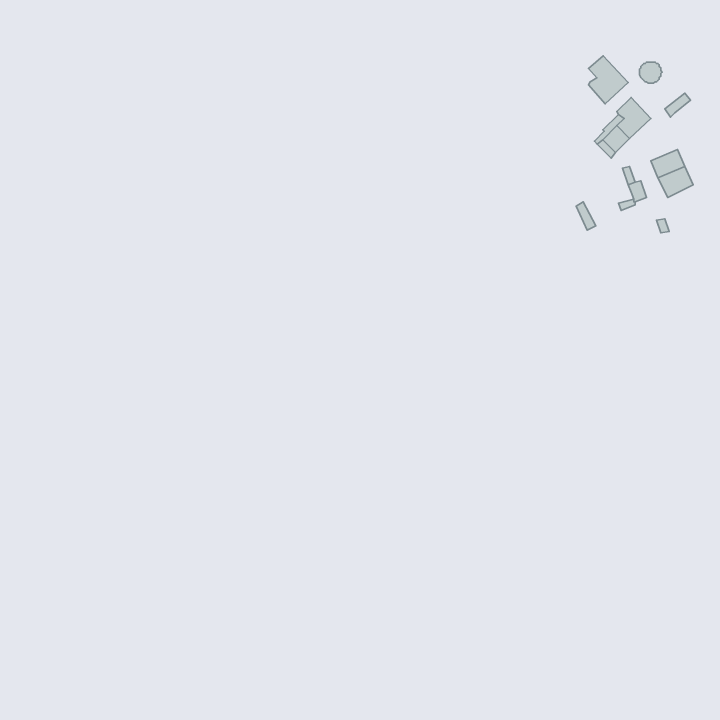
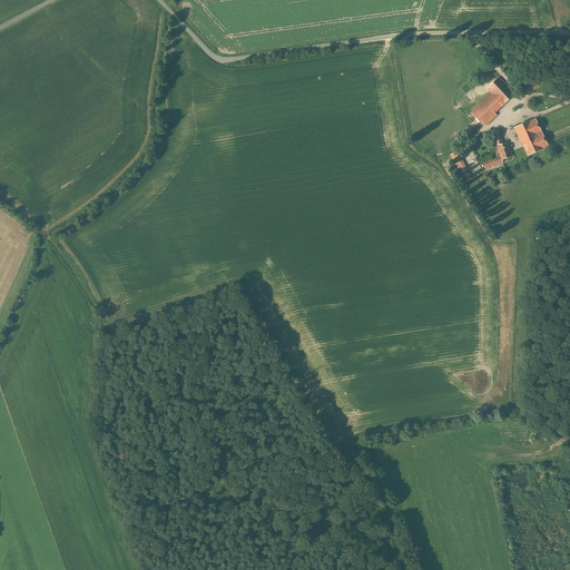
building: [589,56,628,104] -> none

